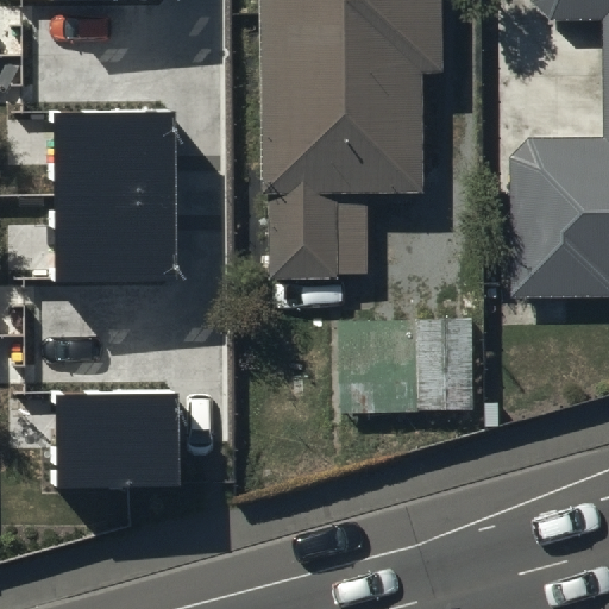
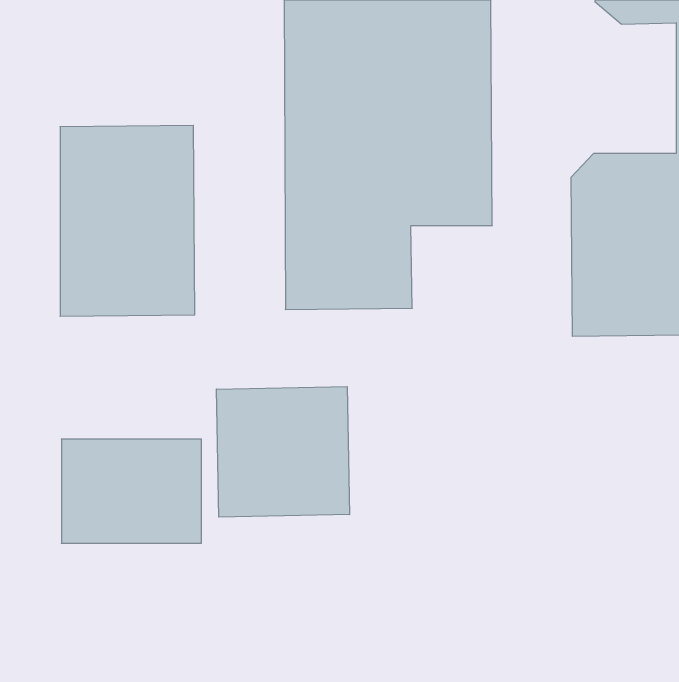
building: [341,320,475,423] -> none
building: none -> [216,387,350,517]

